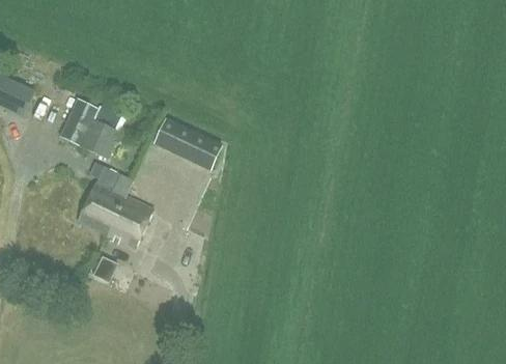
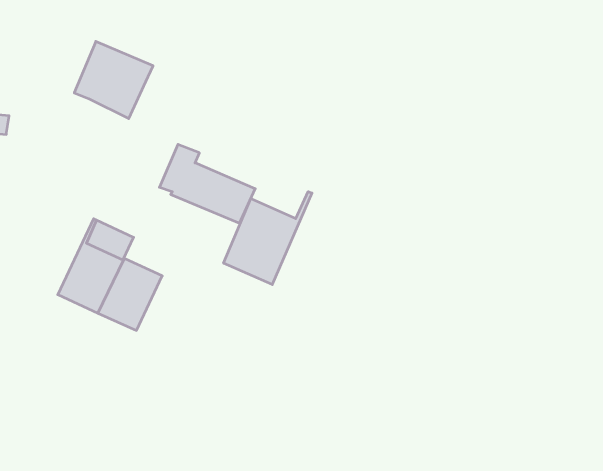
building: [67,102,124,158] -> [74,41,153,119]
building: none -> [224,192,312,285]

